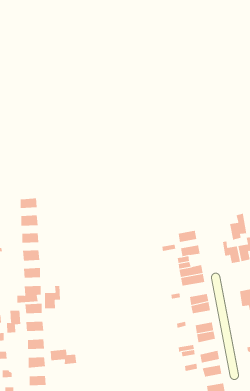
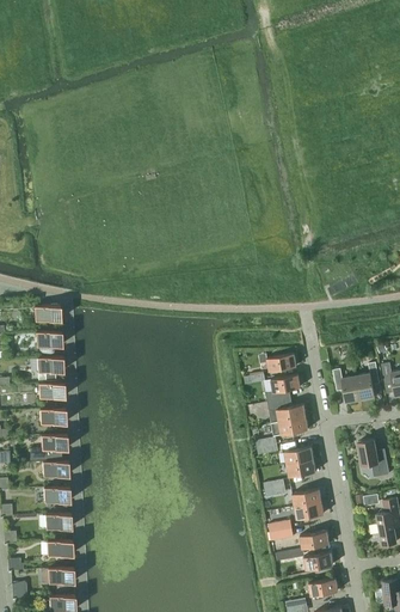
building: [229,213,247,240] -> none
building: [44,285,61,309] -> none
building: [6,310,21,334] -> none
building: [50,349,77,365] -> none

